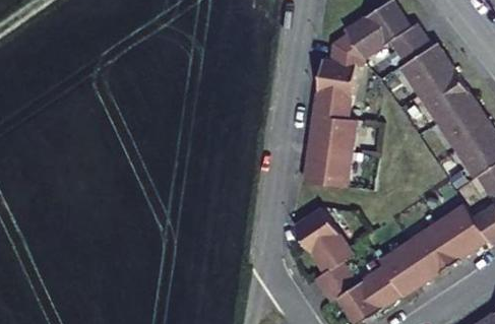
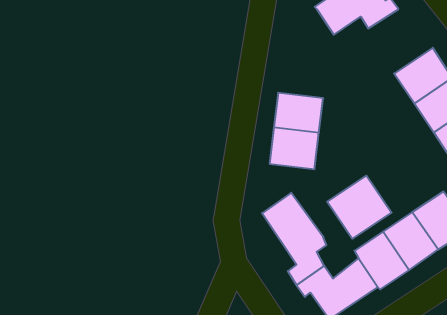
building: [310,33,363,116] -> none
building: [395,33,456,93] -> none
building: none -> [327,176,392,239]

